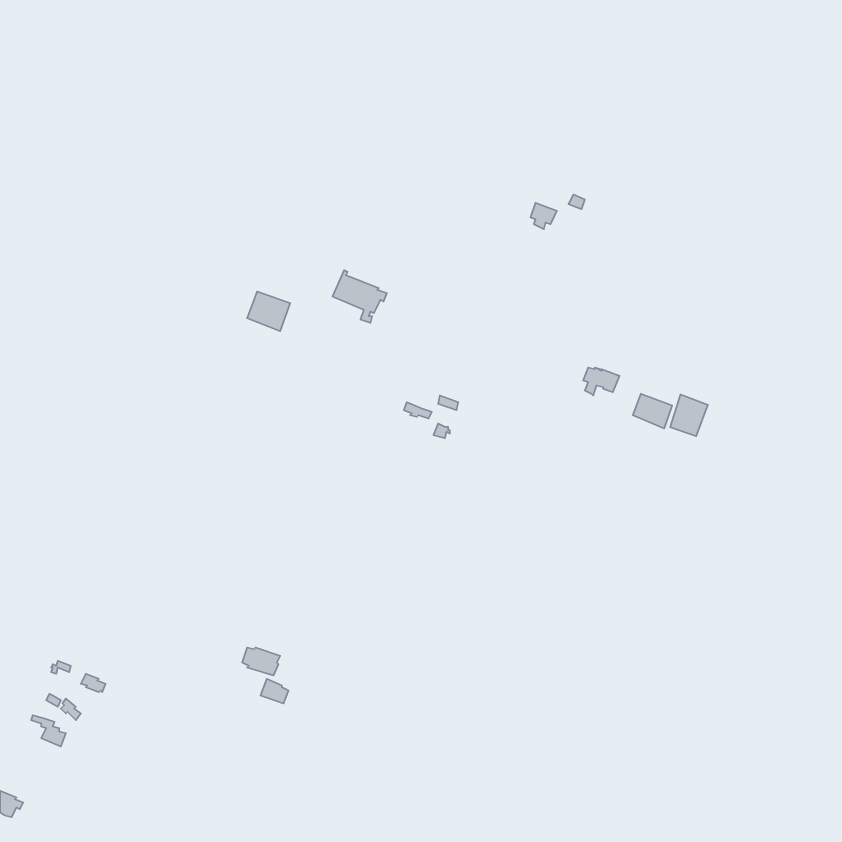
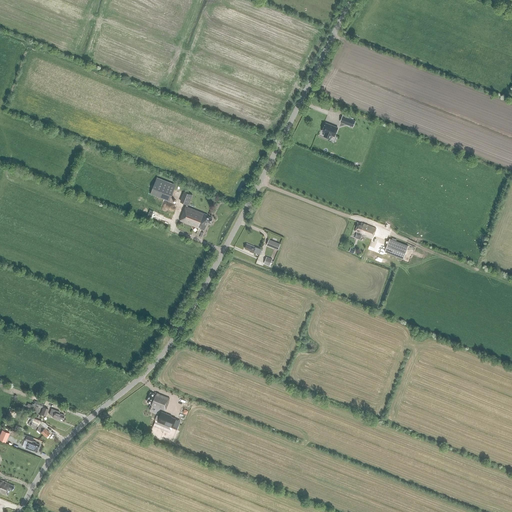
building: [333,270,387,323] -> [179,204,212,236]
building: [670,395,708,436] -> none

